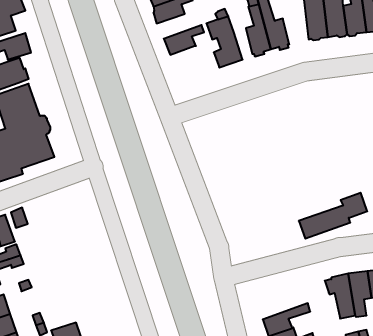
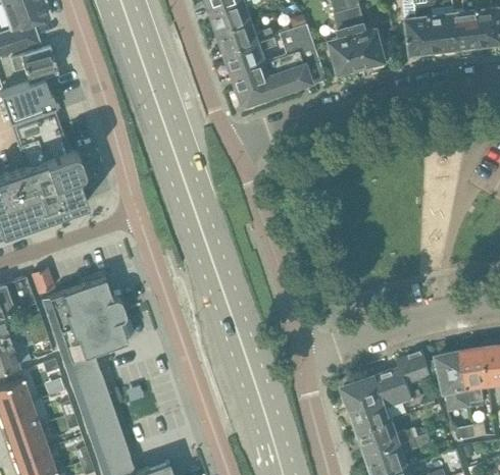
building: none -> [216,22,273,54]
building: none -> [234,53,298,104]
building: [299,193,367,239] -> [343,352,430,410]
building: none -> [40,277,127,424]

